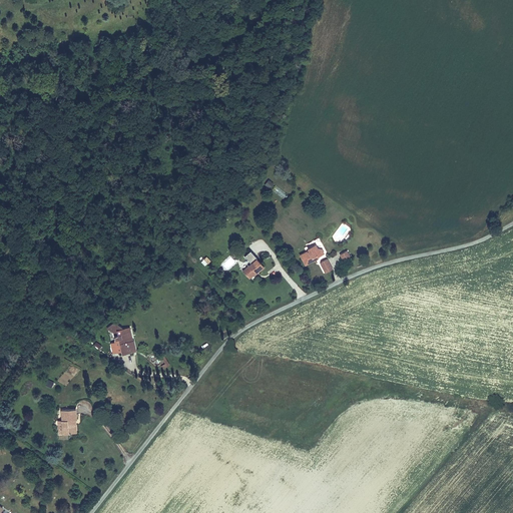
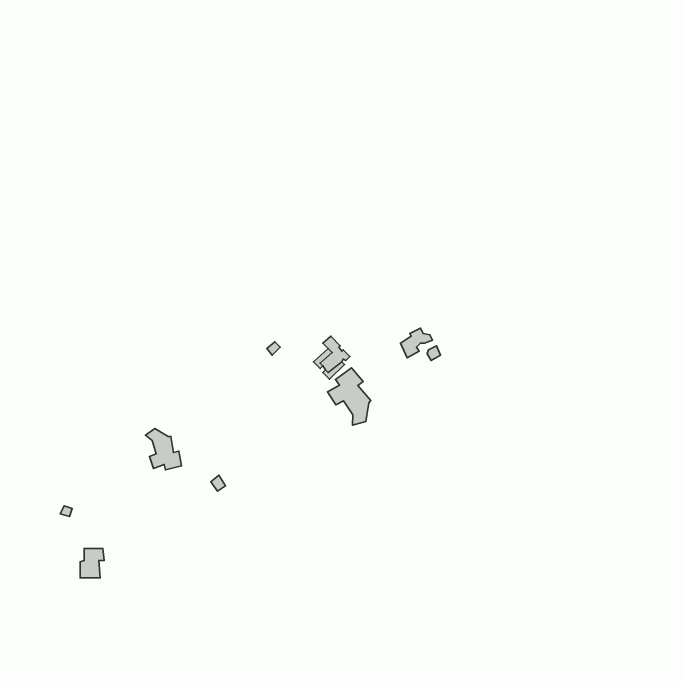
building: none -> [328,368,371,425]

